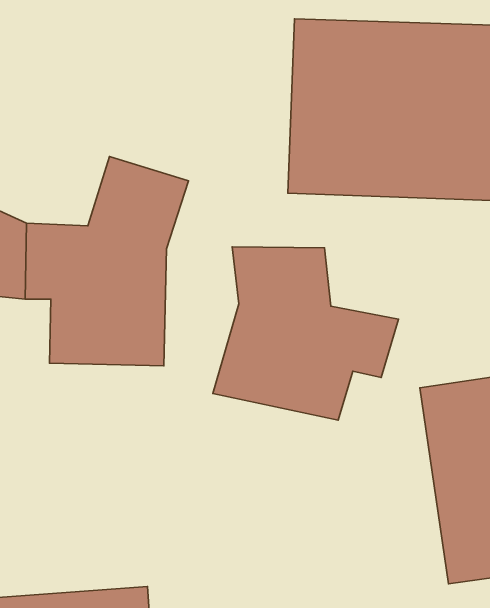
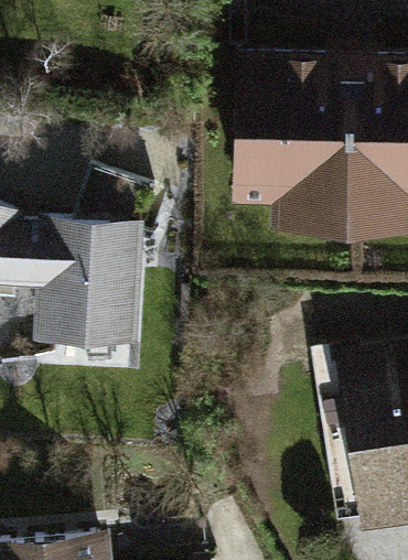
building: [213,247,399,420] -> none

